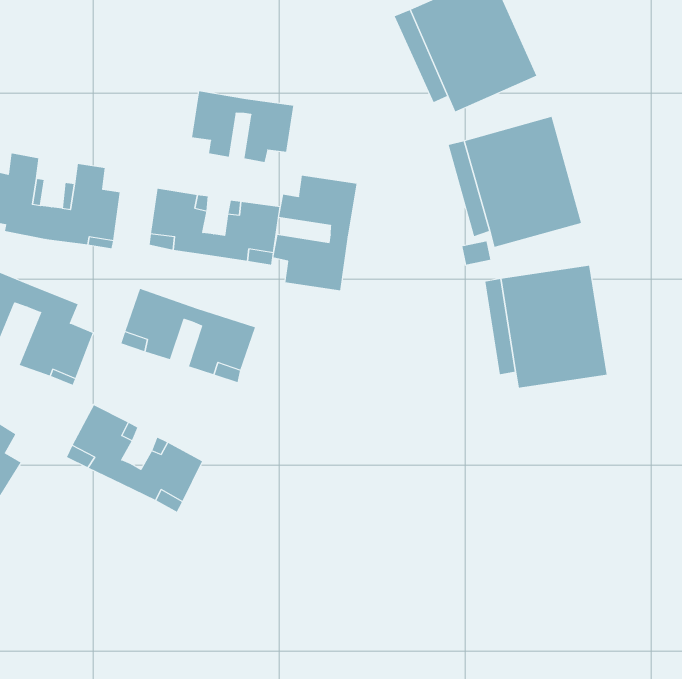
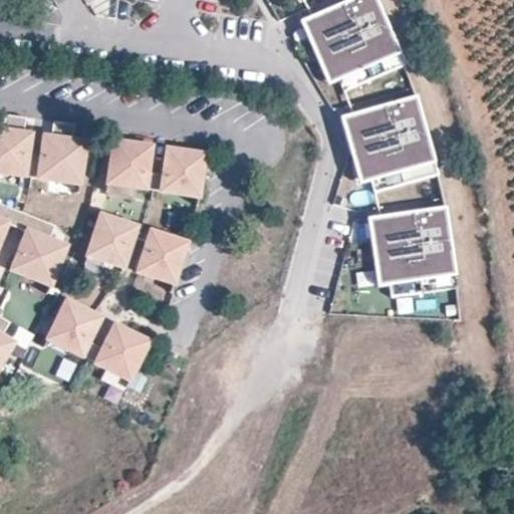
building: [192,91,294,163] -> none
building: [273,175,357,291] -> none

